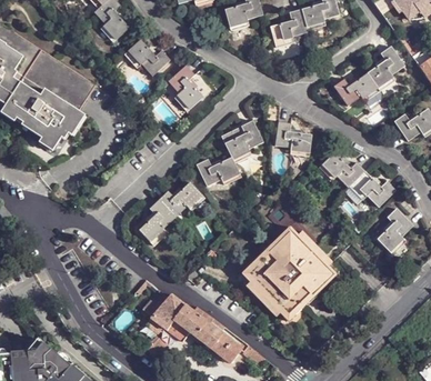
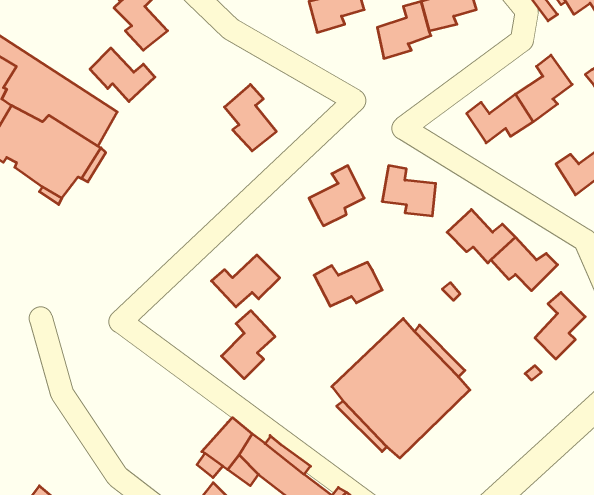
building: [123,40,168,77] -> [90,48,155,102]
building: [194,157,241,187] -> [314,262,382,306]
building: [138,200,174,247] -> [221,311,275,379]

